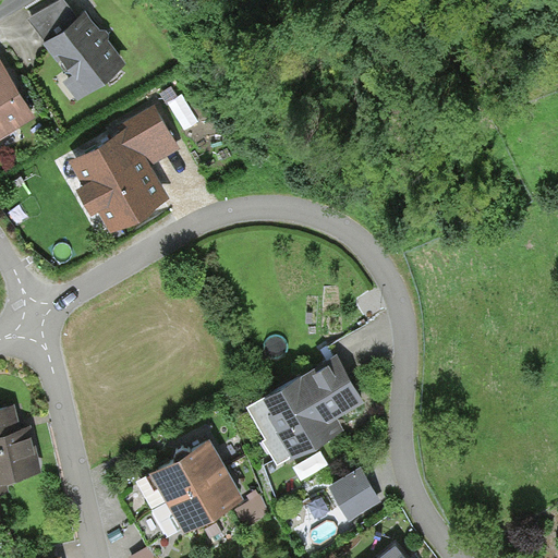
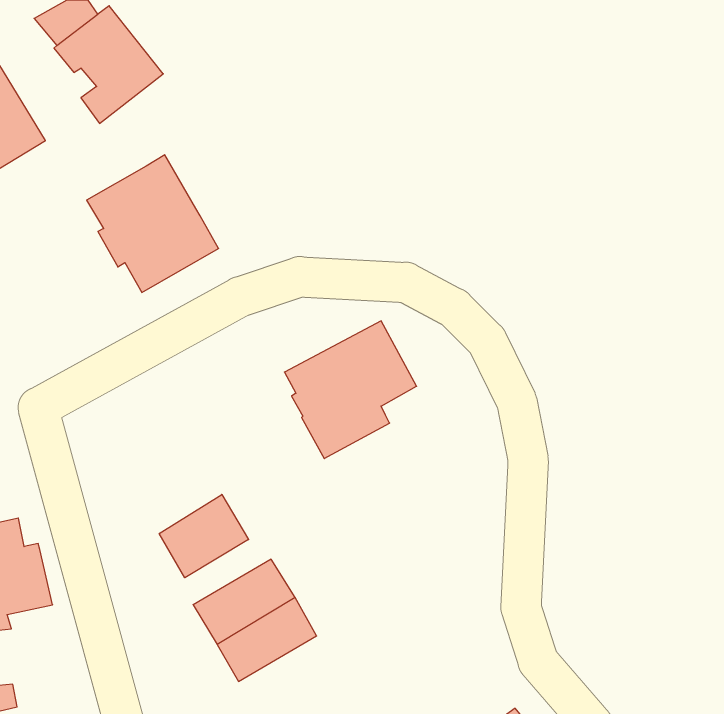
building: [109,106,180,169] -> none
building: [262,355,363,461] -> [284,321,417,459]
building: none -> [159,494,249,578]
building: [328,469,379,522] -> none

